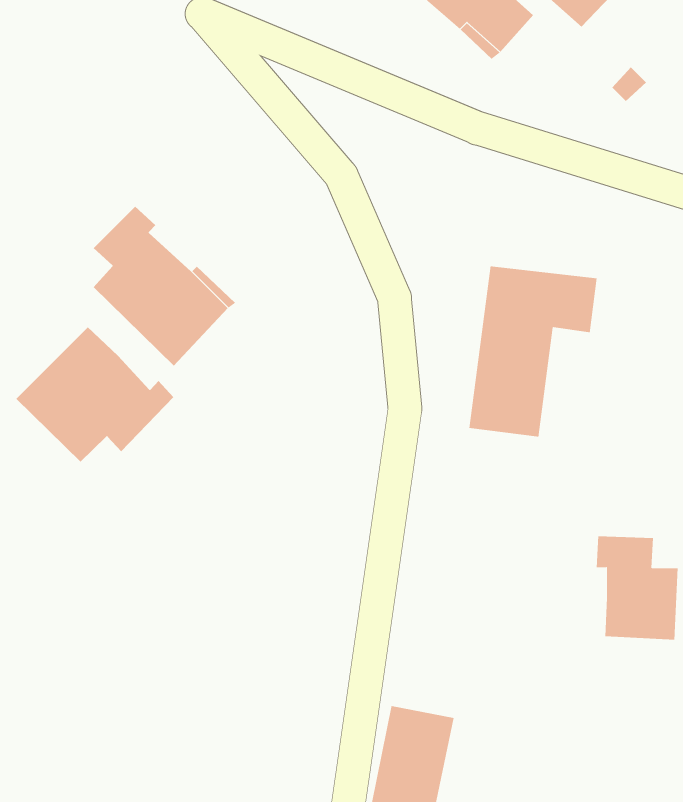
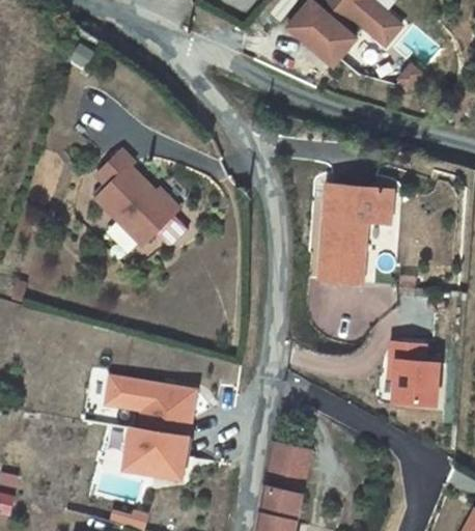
building: [15,327,174,462] -> none
building: none -> [104,374,194,478]

